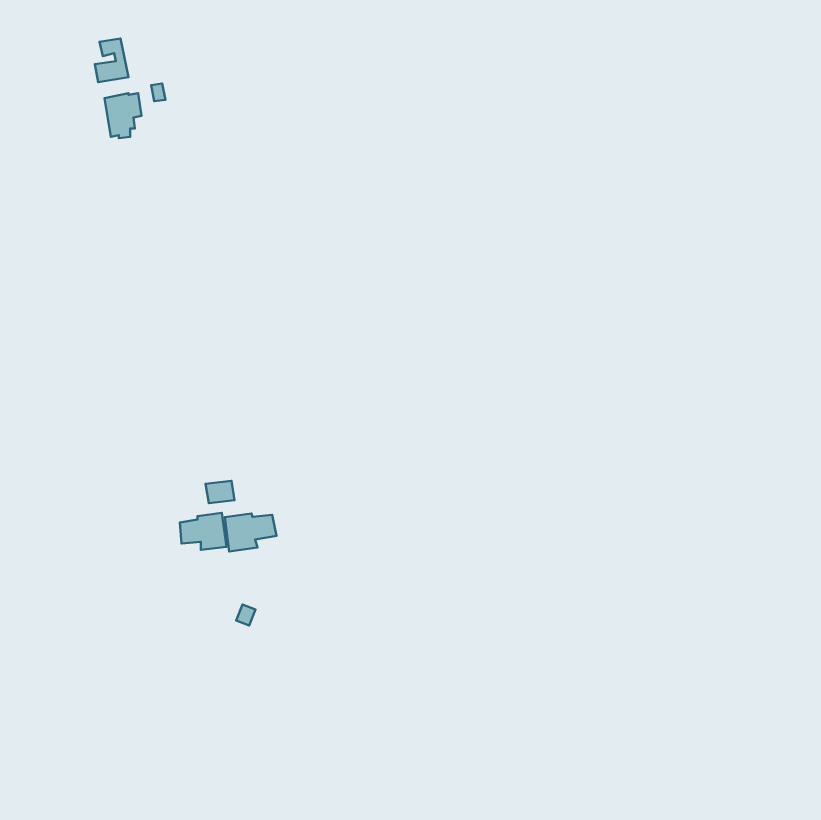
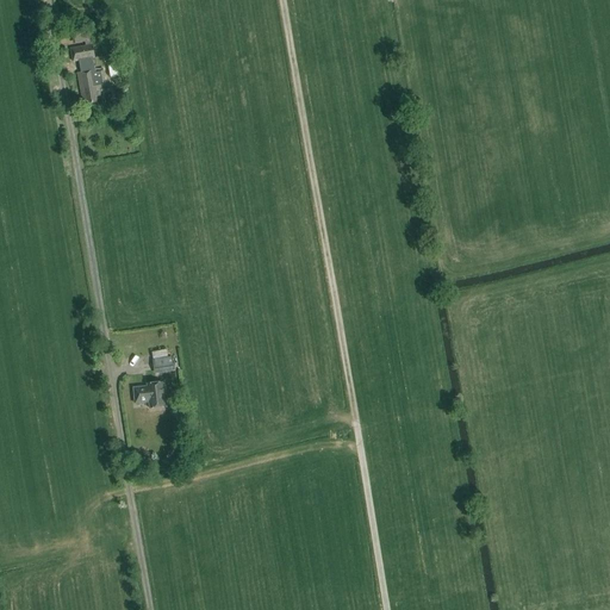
building: [225,514,276,551] -> none

